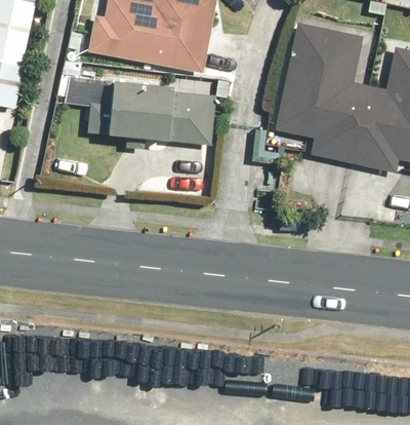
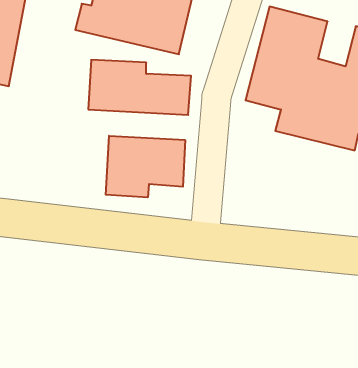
building: none -> [106,136,185,197]

